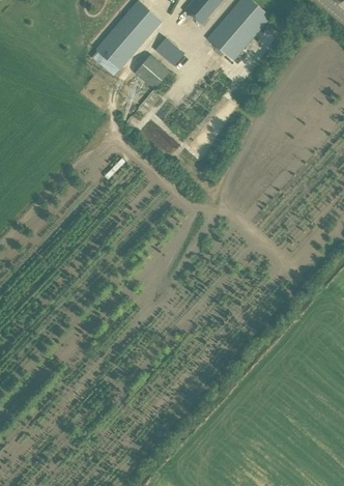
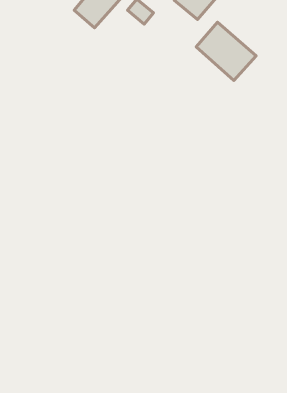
building: [134,54,170,90] -> none
building: none -> [196,22,256,81]

